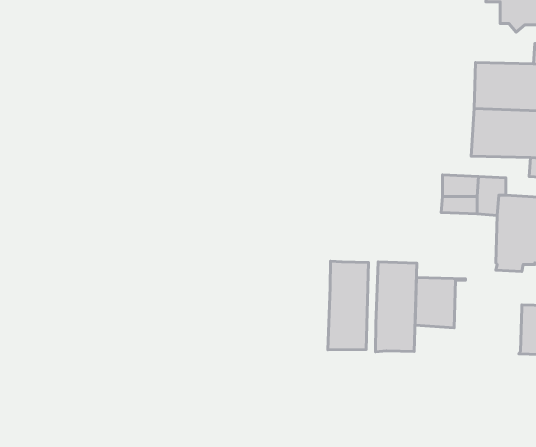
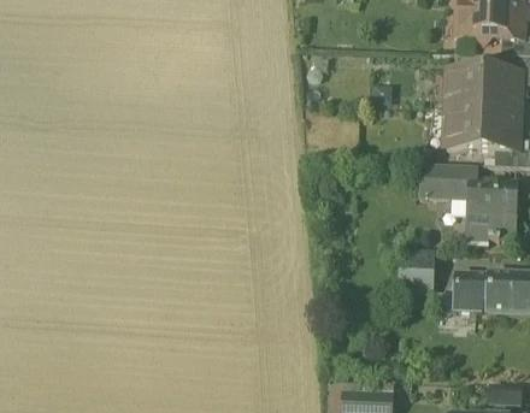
building: [328,261,369,350] -> none
building: [376,262,417,352] -> none
building: none -> [455,271,489,309]

